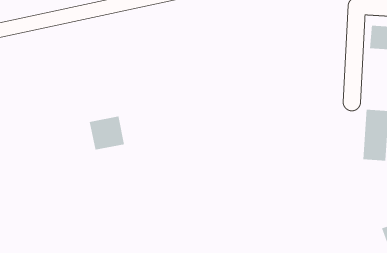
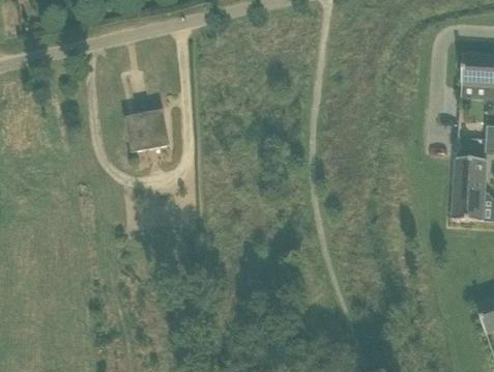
building: [89,116,125,150] -> [125,109,170,151]

